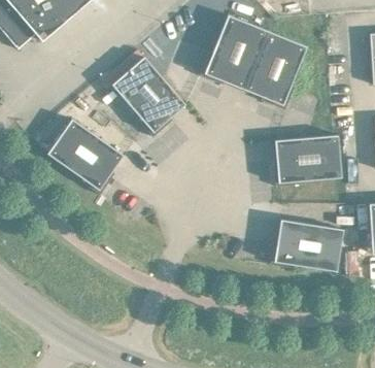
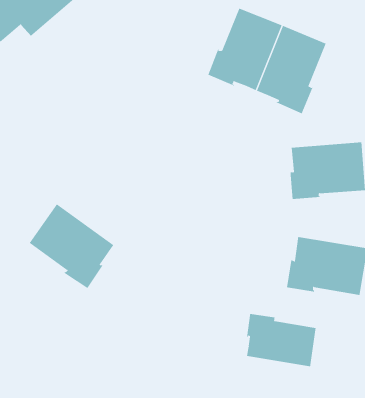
building: [111,56,185,136] -> none
building: [47,118,124,194] -> [29,203,114,289]
building: none -> [246,313,316,367]

